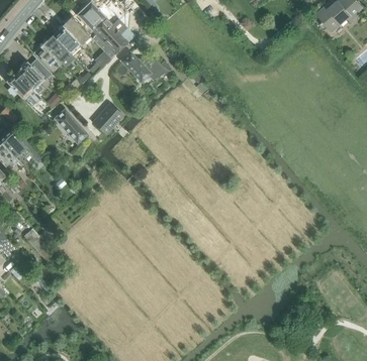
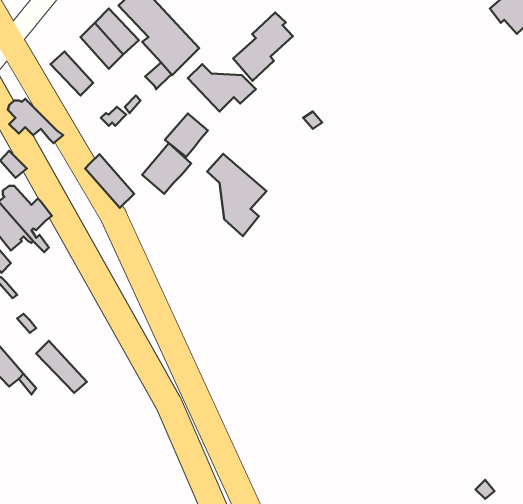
building: none -> [233,13,293,81]
building: [42,34,75,67] -> none
building: [17,53,55,94] -> none
building: none -> [165,113,208,157]
building: none -> [207,154,267,236]

